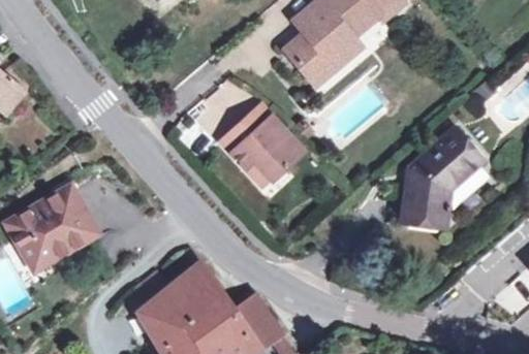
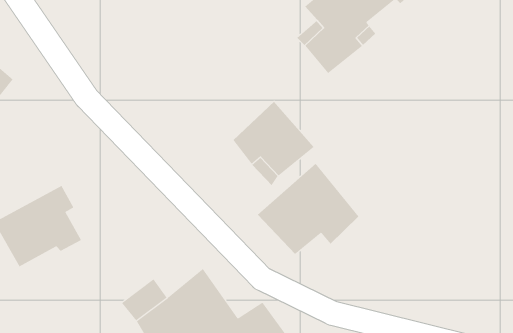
building: [404,132,480,229] -> none
building: none -> [257,163,359,255]

